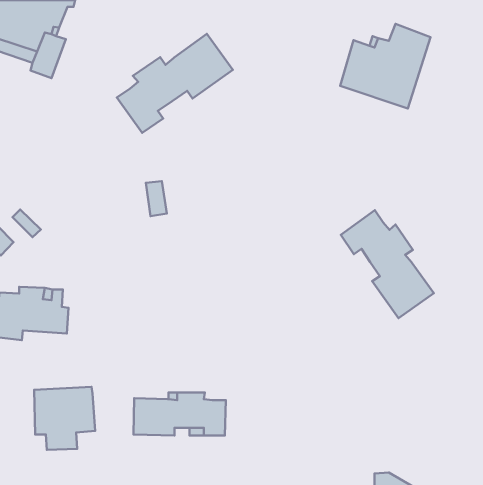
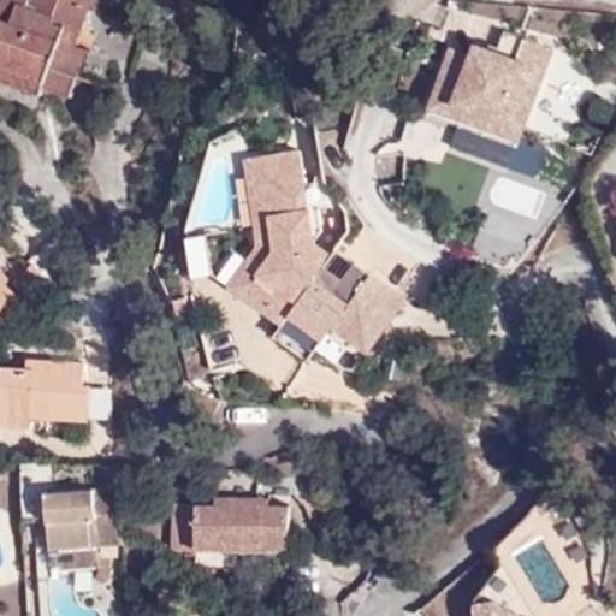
building: [117,34,233,133] -> none
building: none -> [221,143,399,357]
building: [341,210,434,318] -> none

